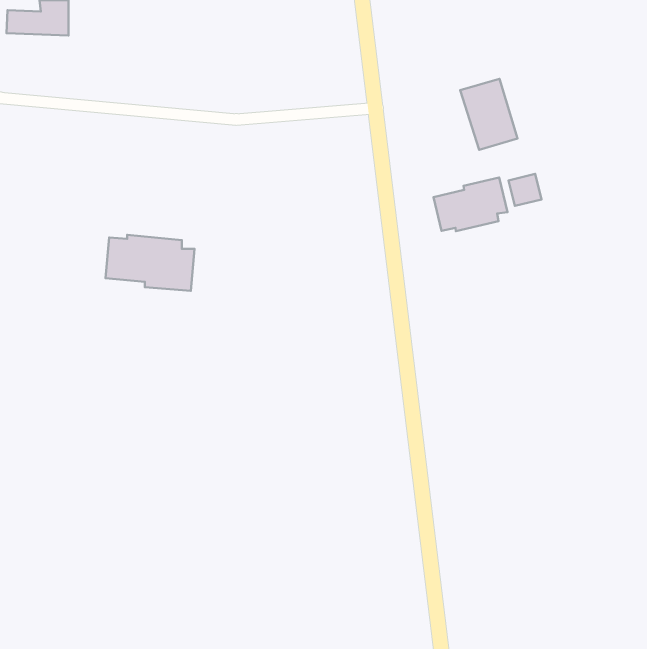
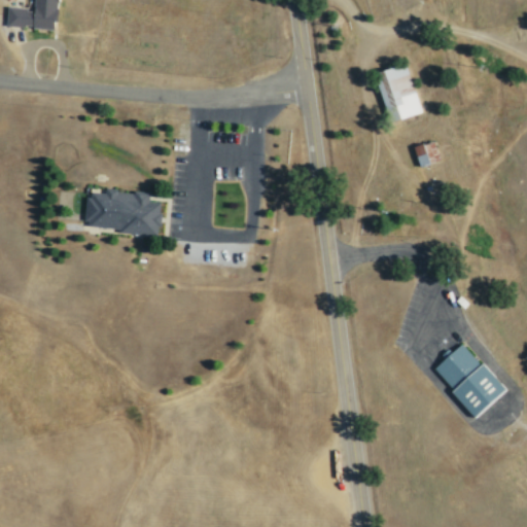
building: [434,178,507,231] -> none
building: none -> [433,343,504,417]

